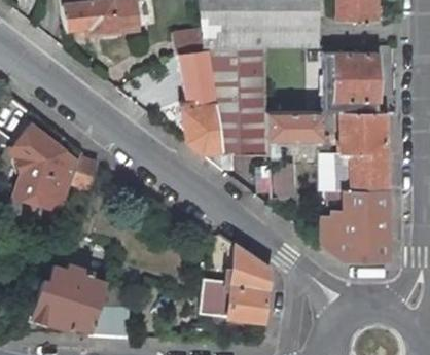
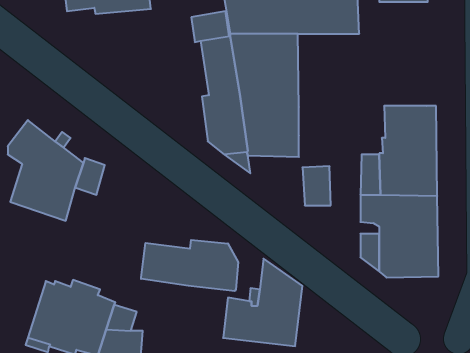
building: [334,51,378,111] -> none
building: [266,111,321,137] -> none
building: none -> [141,240,238,291]

